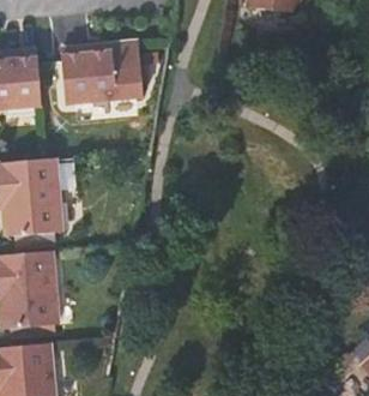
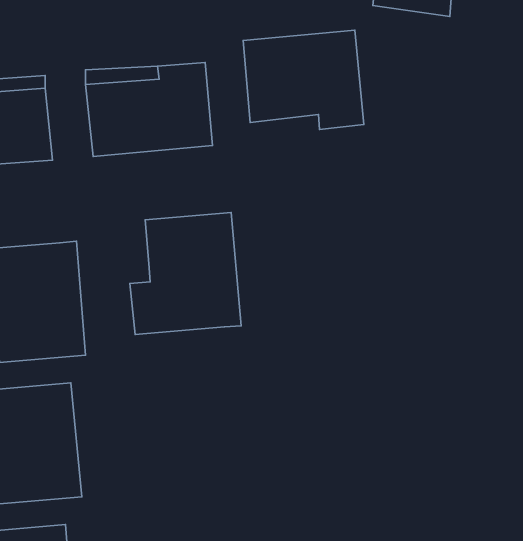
building: none -> [243,30,364,129]
building: none -> [130,212,241,335]

